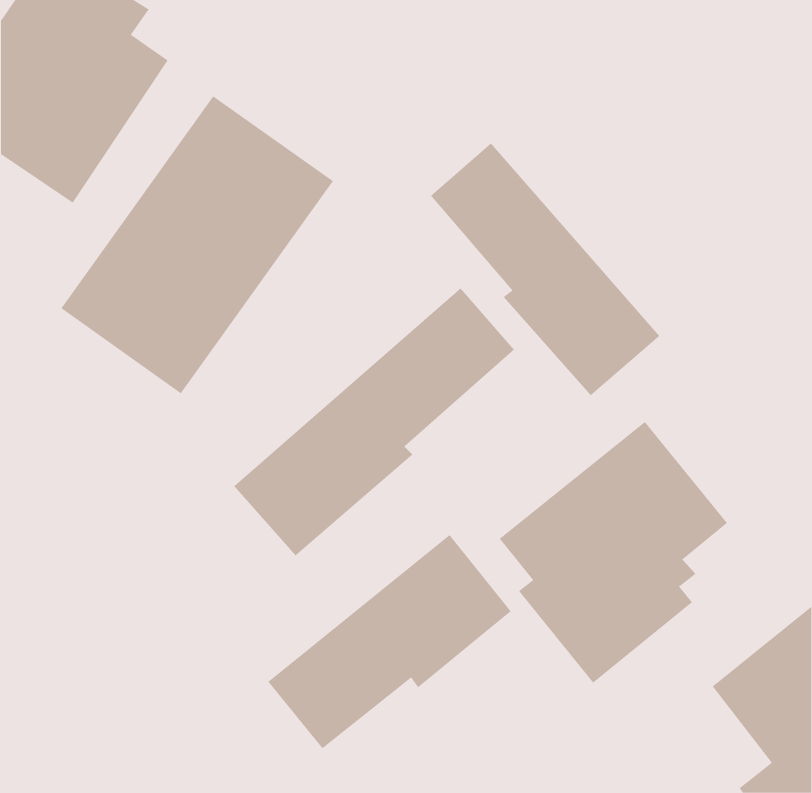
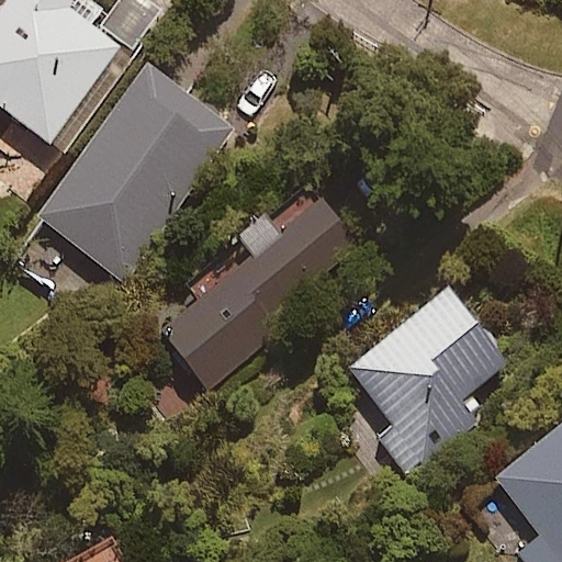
building: [430,142,660,396] -> none
building: [267,534,512,749] -> none

